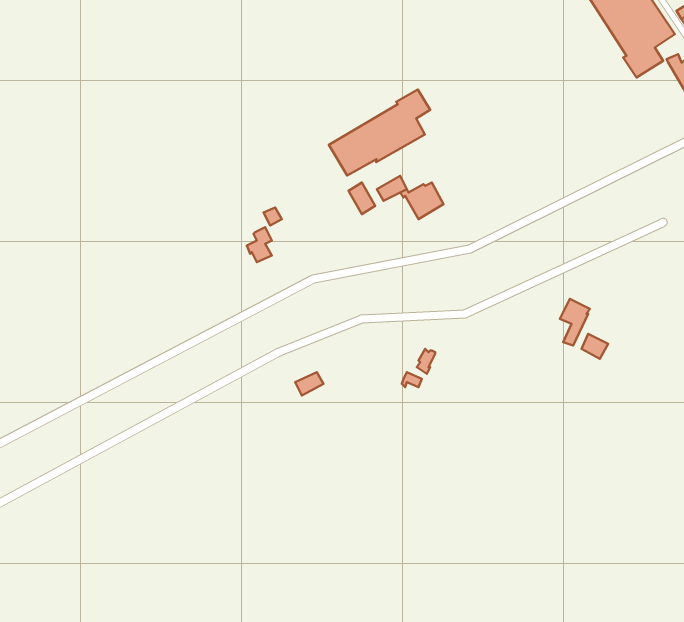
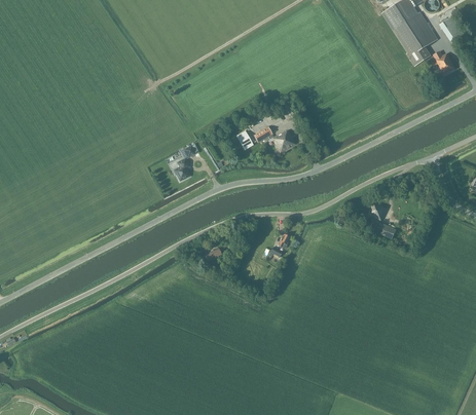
building: [329,90,430,175] -> none

